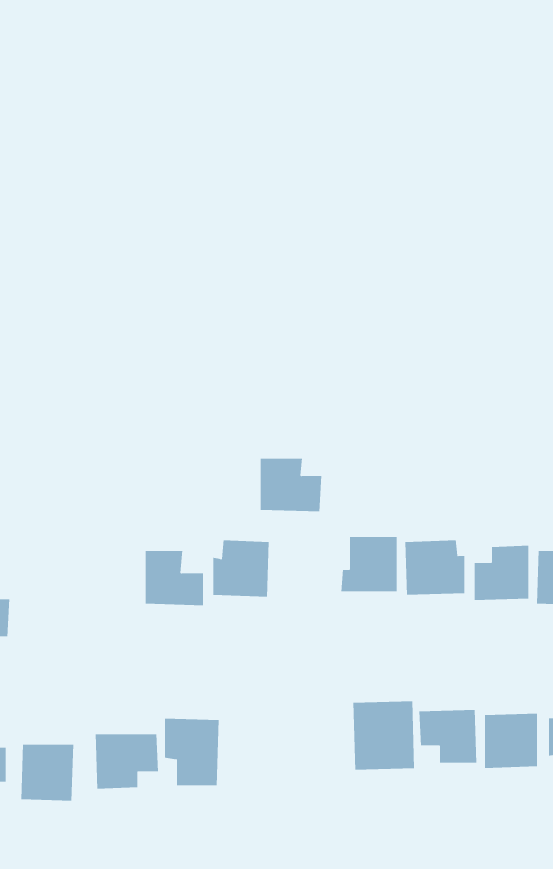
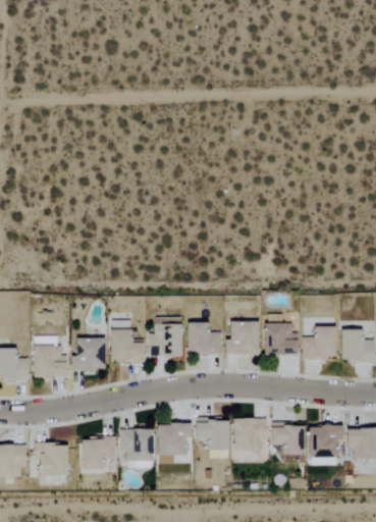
building: [260,458,322,512] -> [186,322,223,354]
building: none -> [71,337,106,371]
building: none -> [33,345,66,377]
building: none -> [196,418,229,450]
building: none -> [157,423,192,456]

